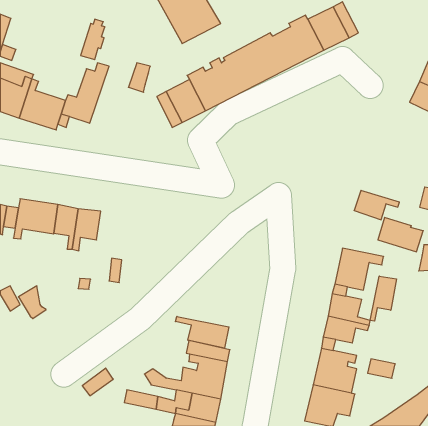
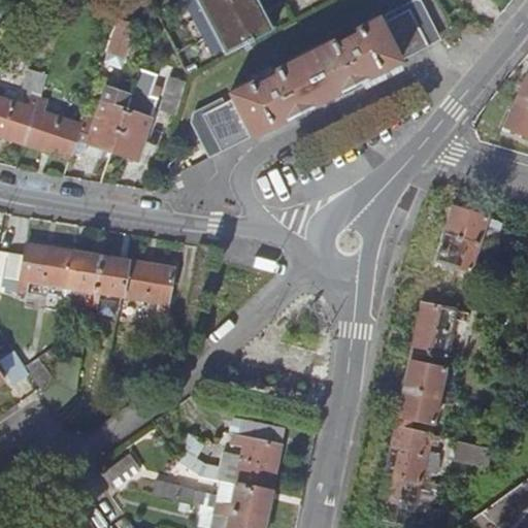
building: none -> [111,69,159,160]
building: none -> [120,260,171,317]
building: [378,217,423,252] -> [444,206,500,249]
building: [370,276,396,321] -> none
building: [175,316,229,348] -> none

